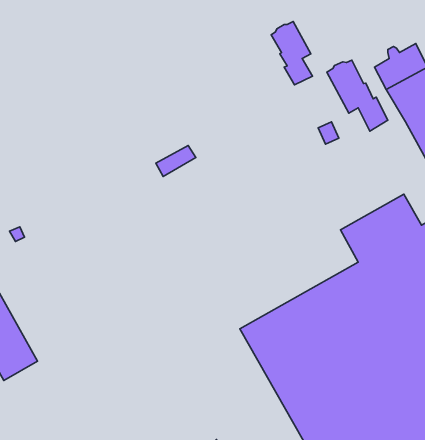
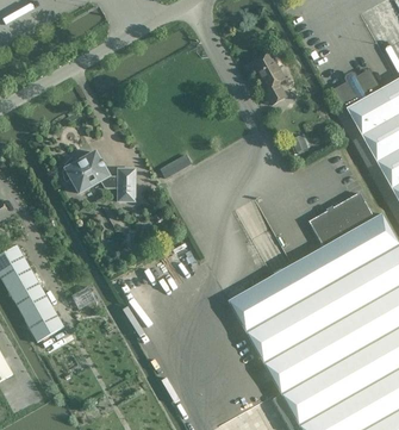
building: [327,60,388,131] -> none
building: none -> [63,151,135,201]

